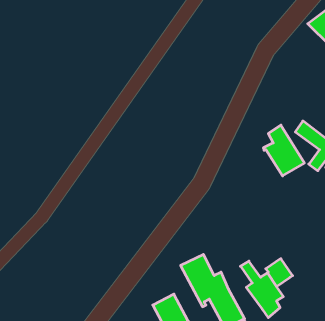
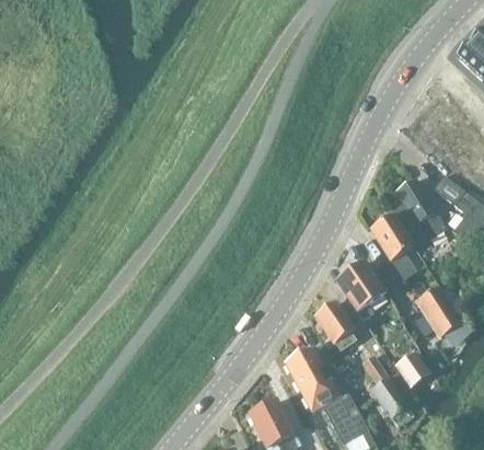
building: none -> [371,212,416,274]
building: none -> [336,261,387,319]
building: none -> [418,286,463,337]
building: none -> [315,301,356,349]

